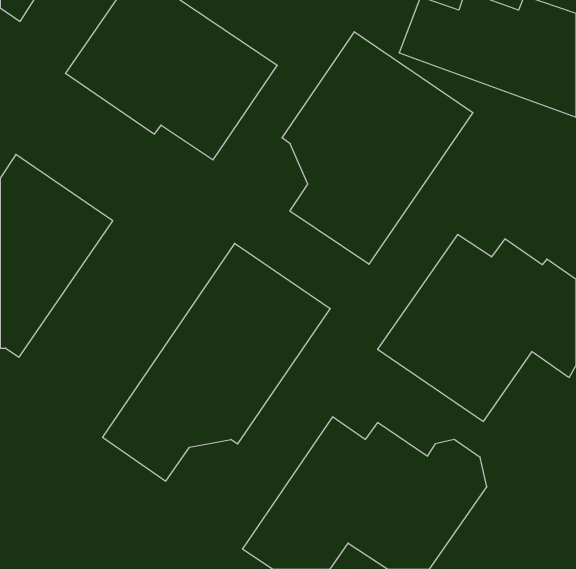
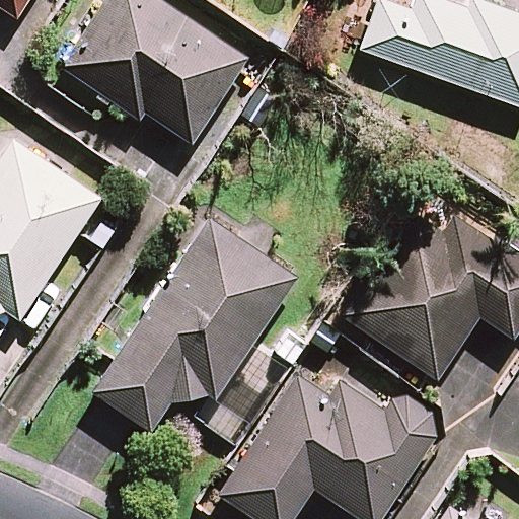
building: [282,32,473,264] -> none

